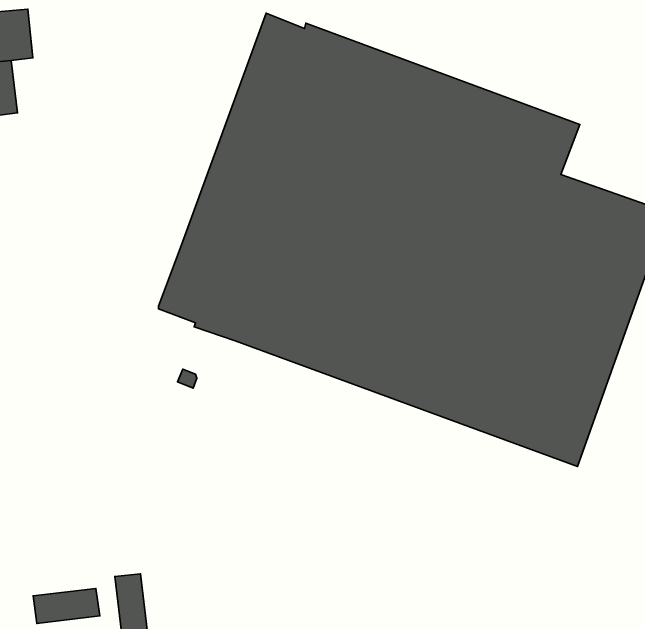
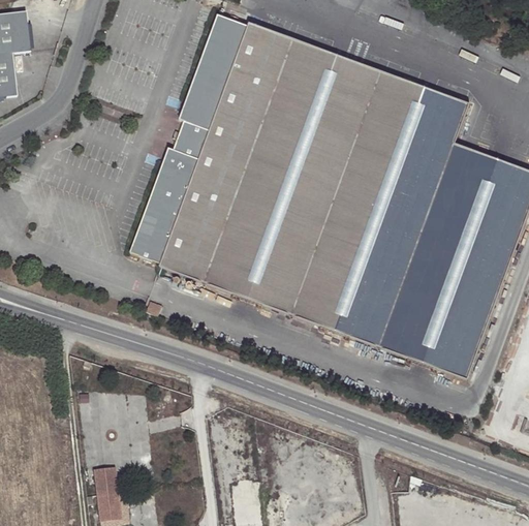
building: [33,588,100,623] -> none

